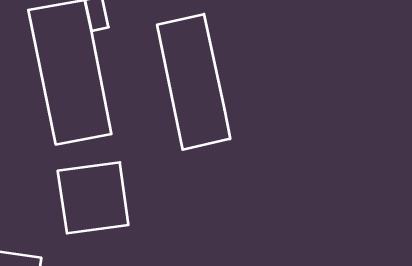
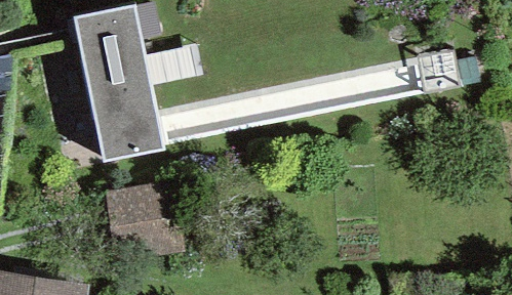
building: [157,14,230,150] -> none

